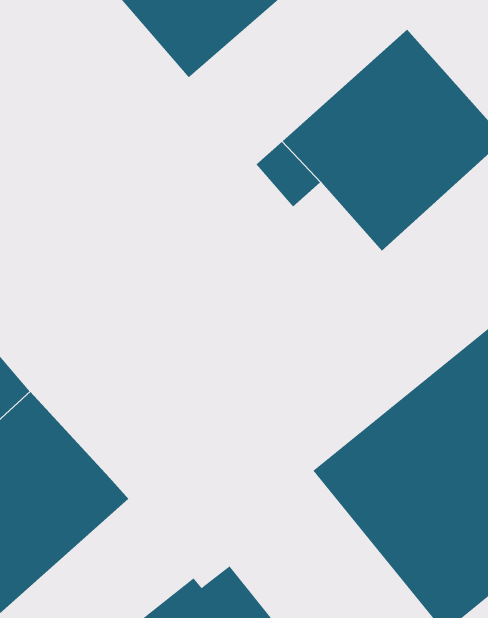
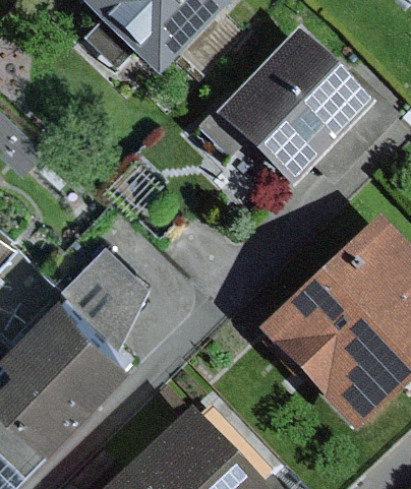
building: none -> [64,246,153,349]

